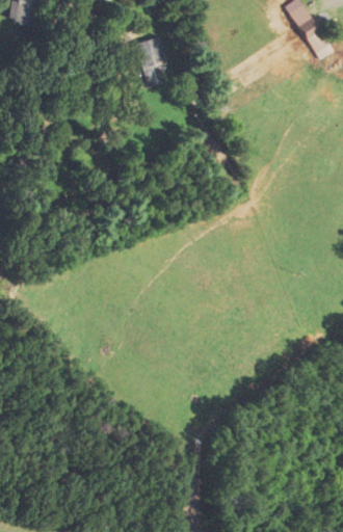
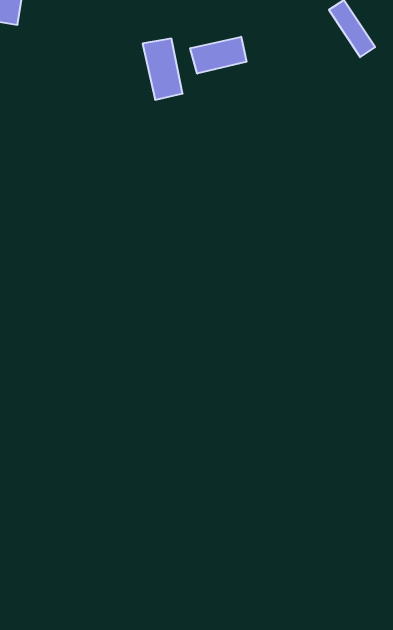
building: none -> [190,37,247,74]

